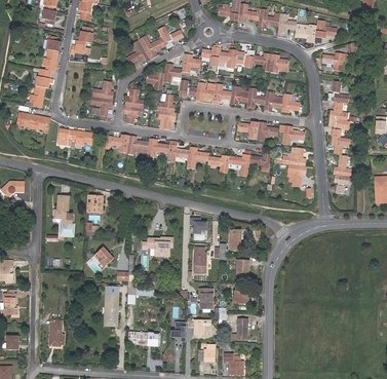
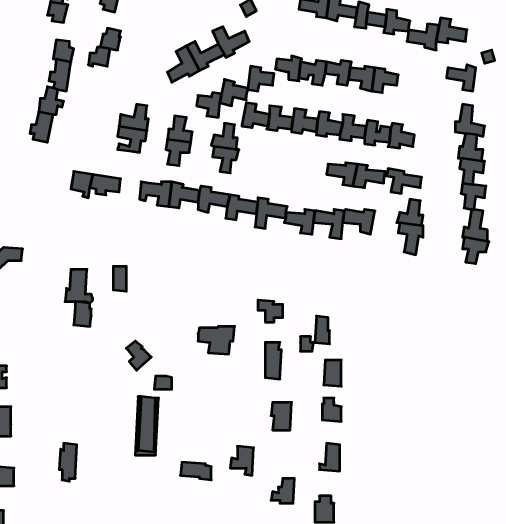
building: [14,112,50,135] -> none

